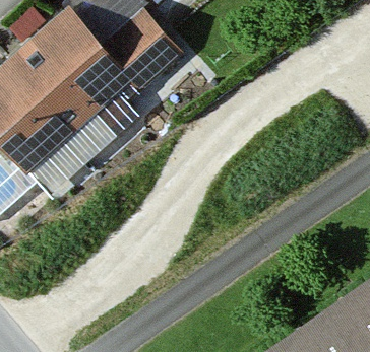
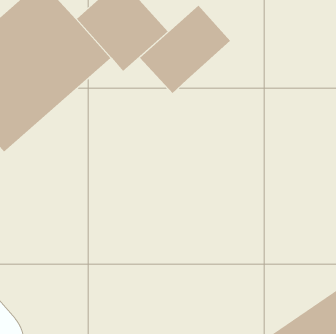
building: none -> [139,5,231,94]

